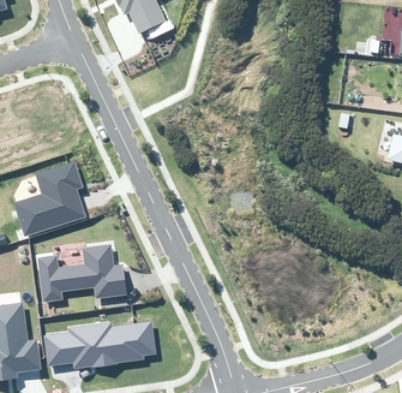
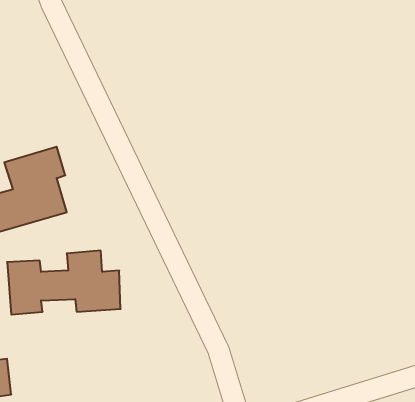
building: [42,321,155,369] -> none

